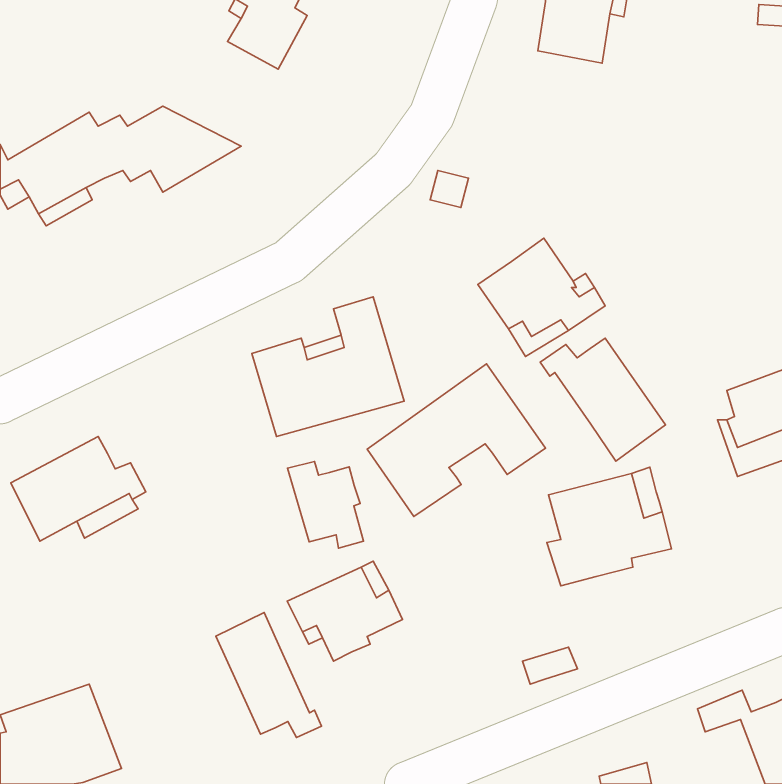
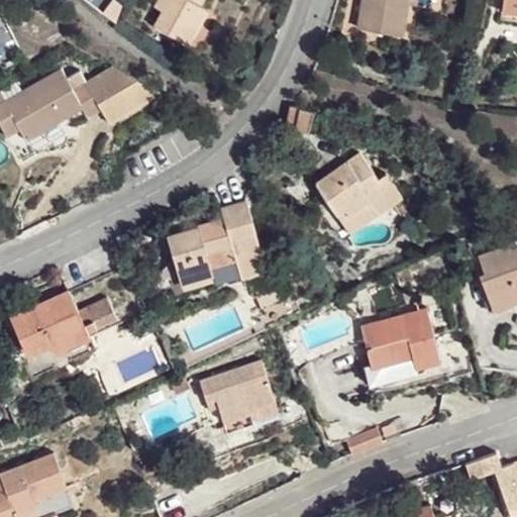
building: [540,338,665,461] -> none
building: [367,364,545,517] -> none
building: [287,461,364,548] -> none
building: [216,612,321,737] -> none

